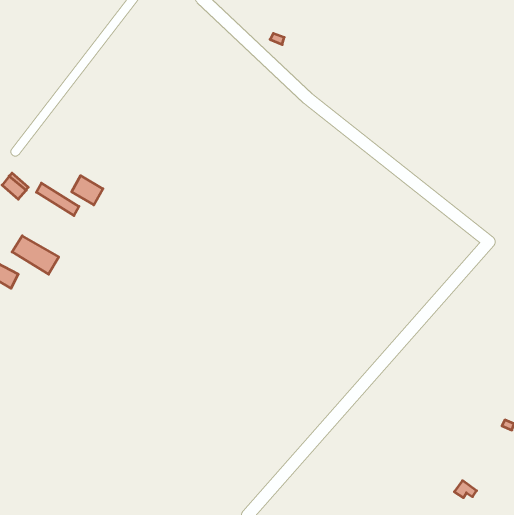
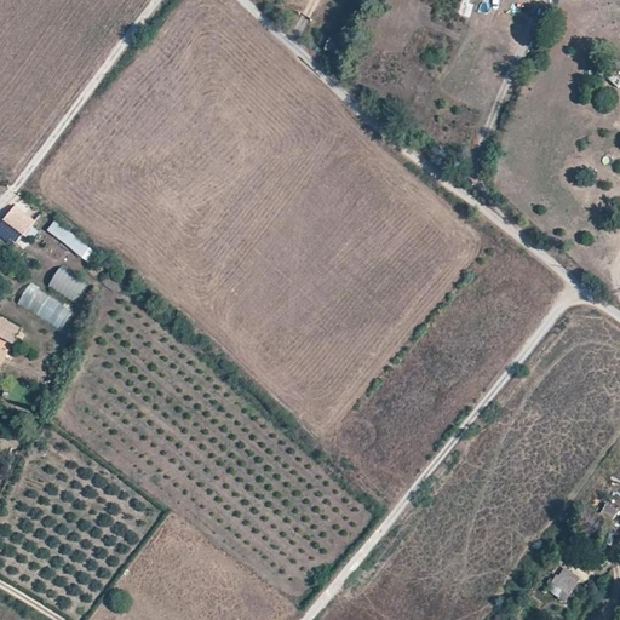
building: [72,176,103,205] -> [46,265,84,300]

